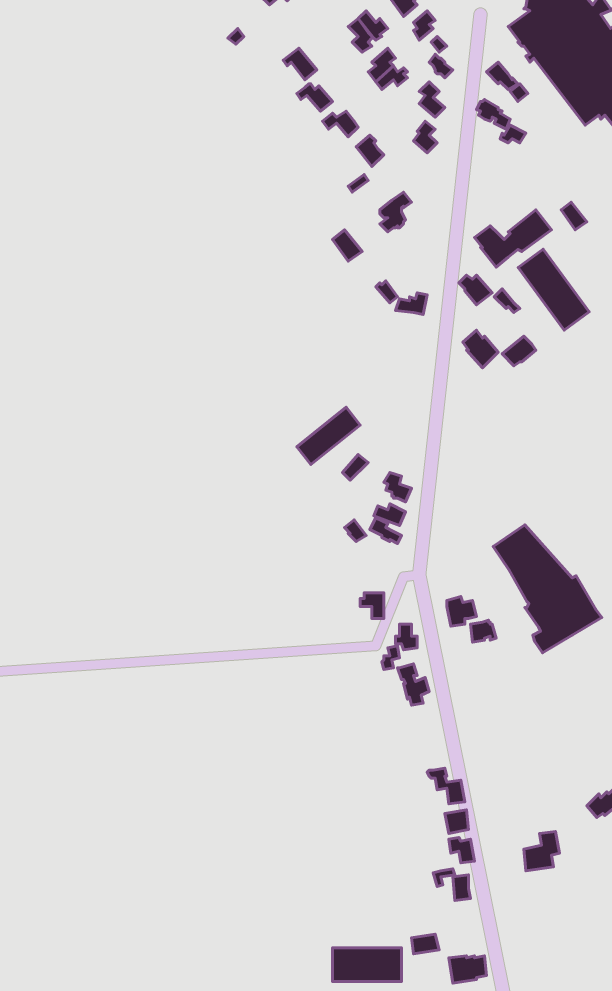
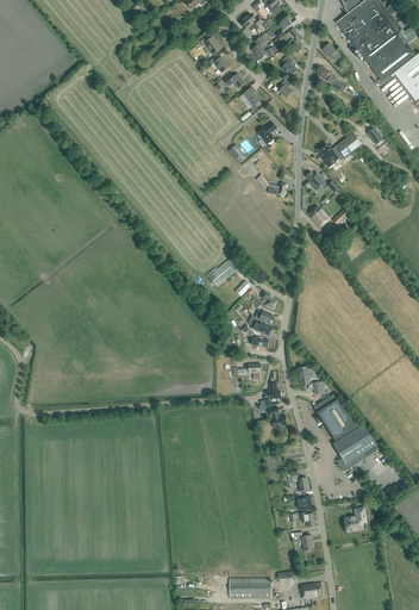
building: [518,249,589,330] -> none
building: [493,525,602,653] -> [314,393,380,471]

